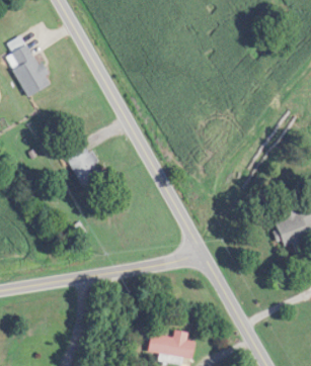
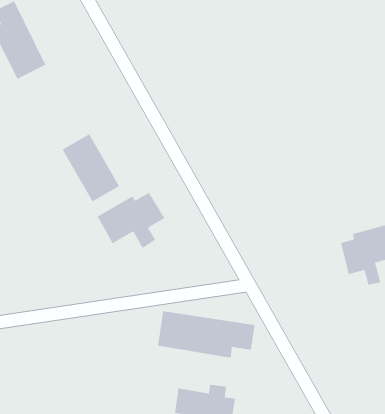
building: none -> [97,192,165,249]
building: none -> [157,311,255,358]

